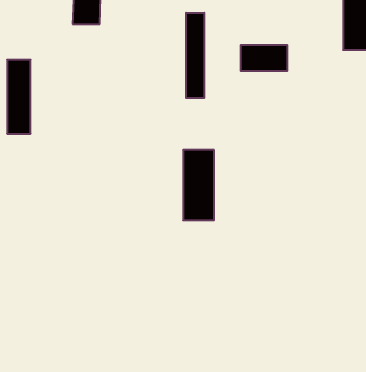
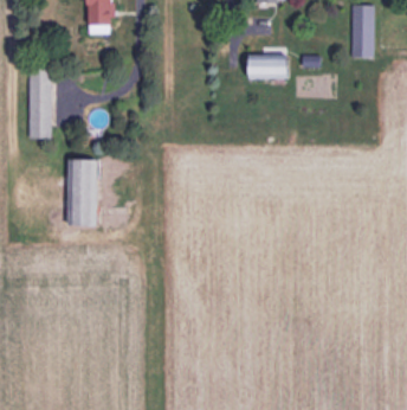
building: [186,13,204,98] -> none
building: [183,150,214,220] -> [69,159,98,226]

